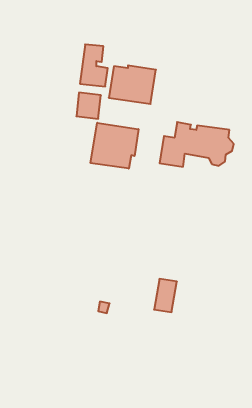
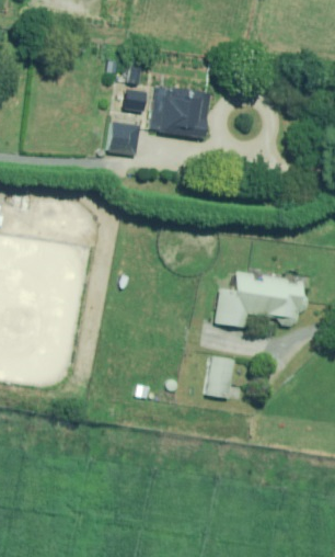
building: [160,122,234,167] -> [215,269,308,325]
building: [91,123,138,169] -> none

